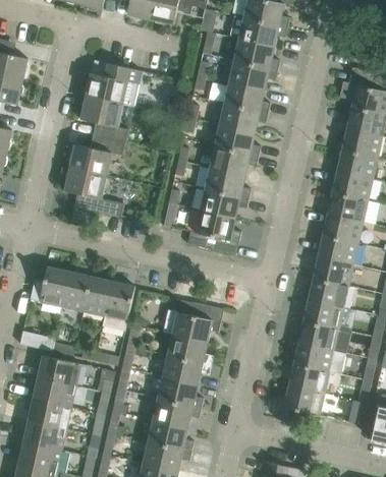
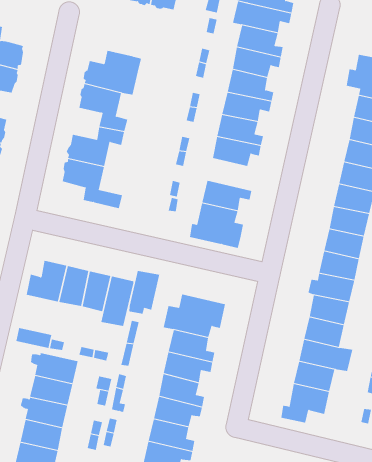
building: [205,168,251,199] -> none
building: none -> [129,270,160,315]

